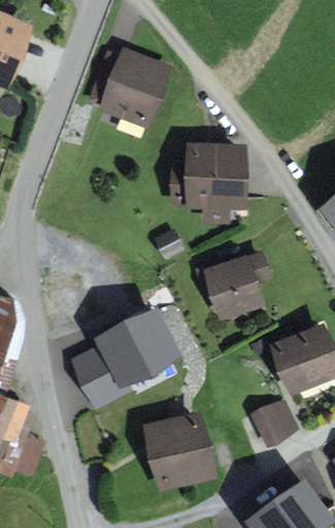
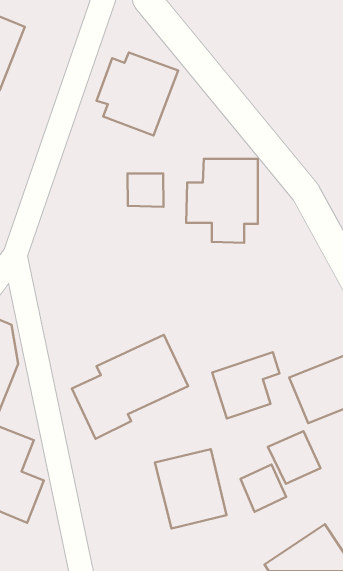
building: none -> [128,173,164,207]
building: [206,254,268,315] -> [212,352,279,418]
building: none -> [240,465,286,512]

